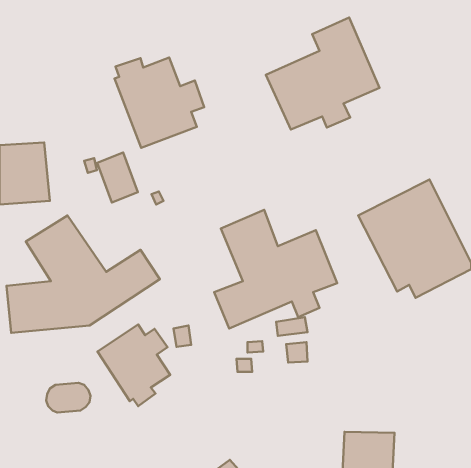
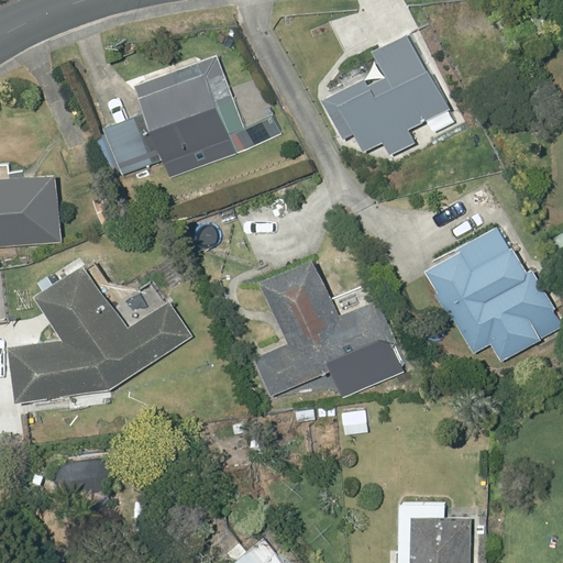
building: [97,153,138,202] -> [102,119,151,178]
building: [97,325,170,406] -> none

